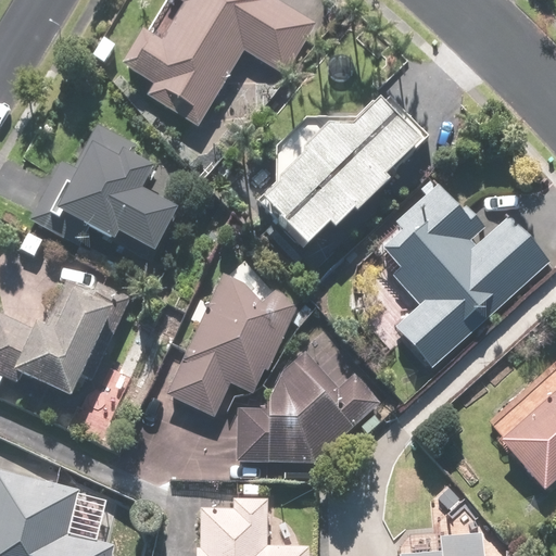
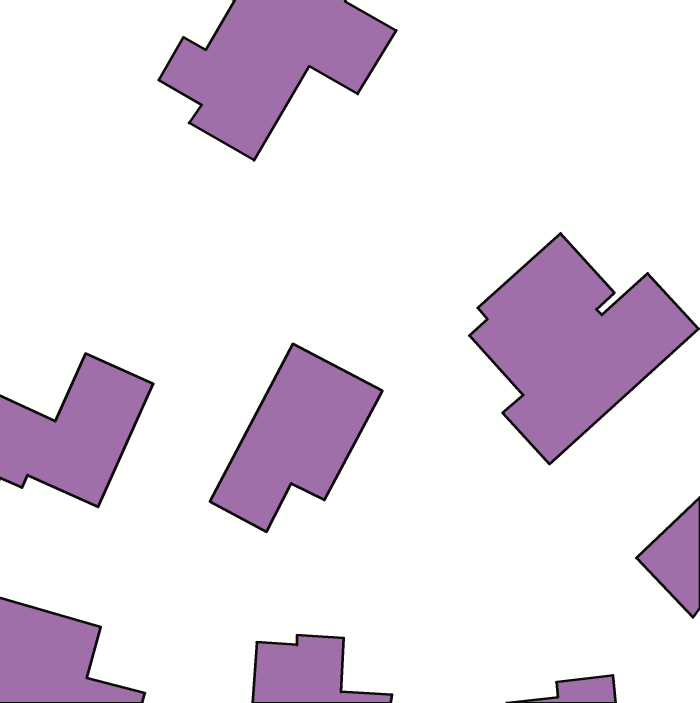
building: [260,93,443,248] -> none
building: [30,124,179,263] -> none
building: [233,352,378,465] -> none

